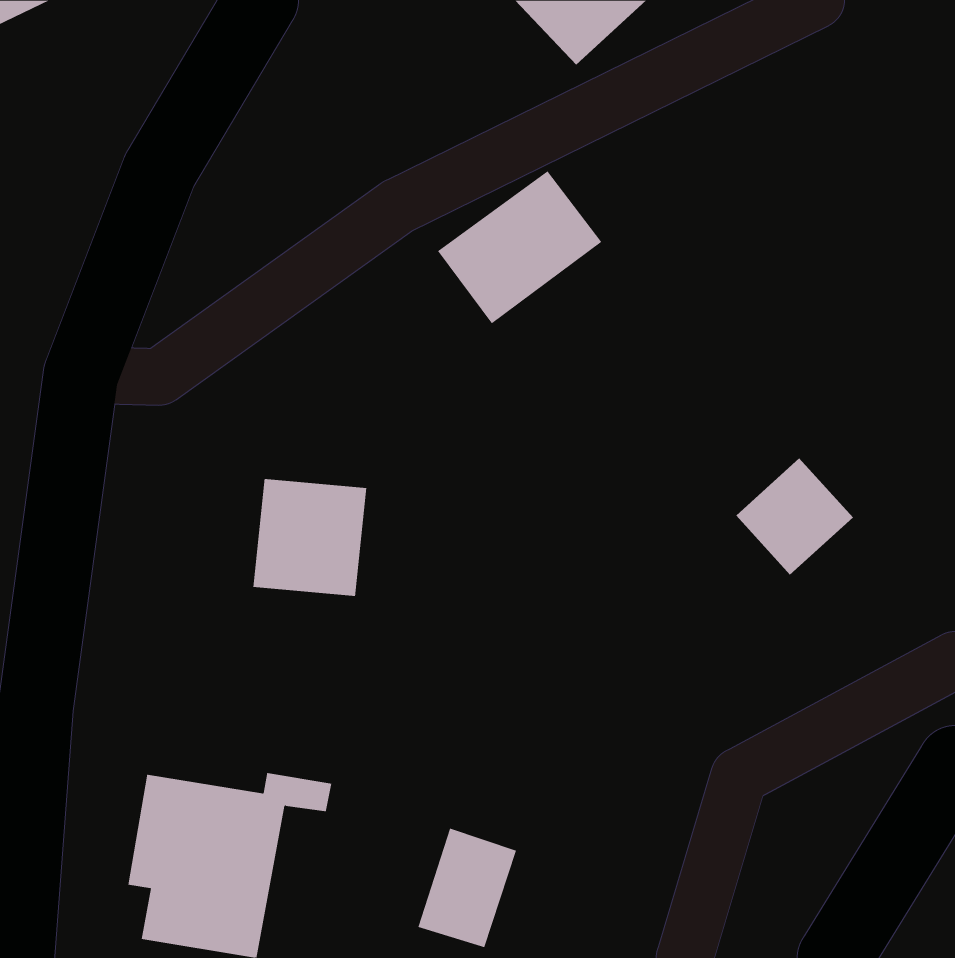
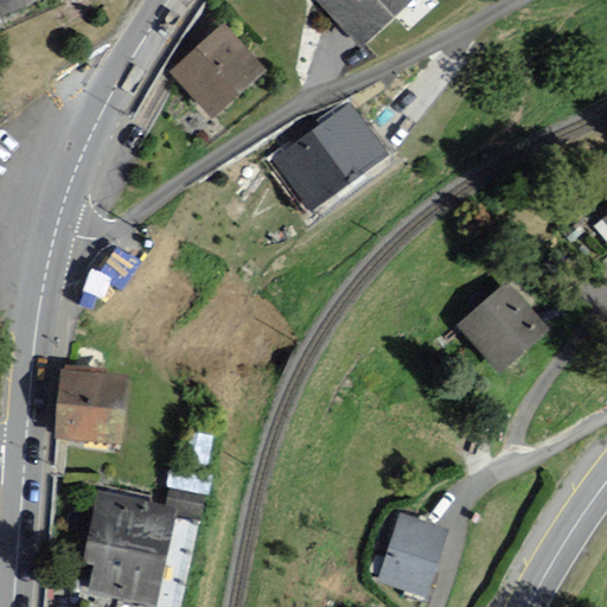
building: none -> [167,21,267,122]
building: [253,478,367,596] -> [53,368,126,442]
building: [417,828,517,948] -> [379,516,442,592]

